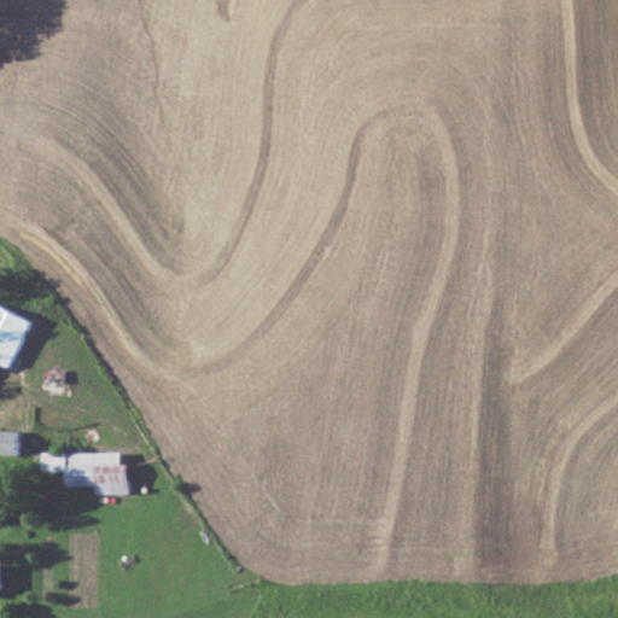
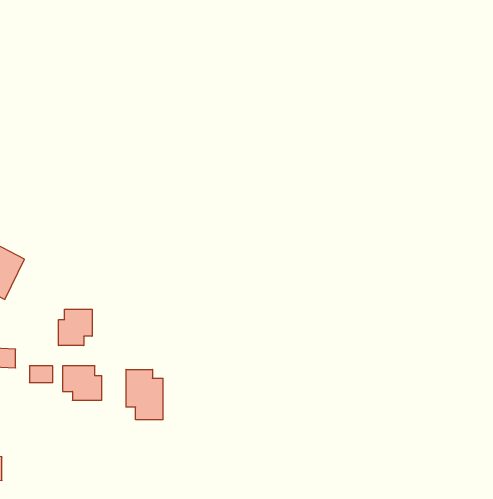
building: none -> [59,309,92,346]
building: none -> [126,369,163,420]

